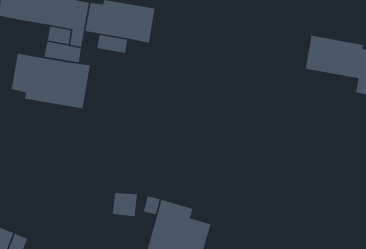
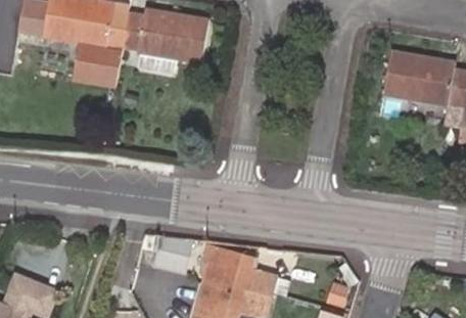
building: [11,53,91,109] -> none

